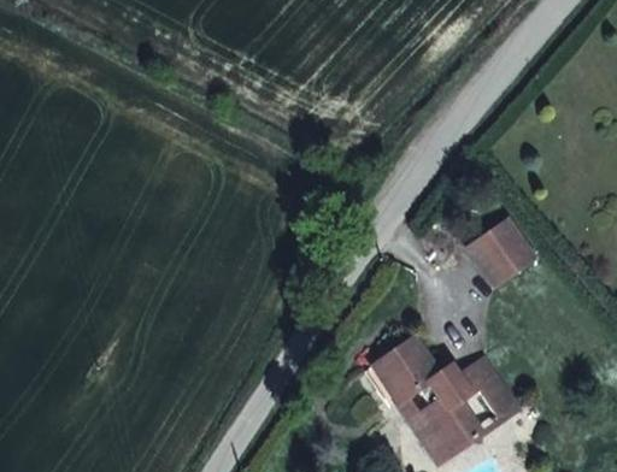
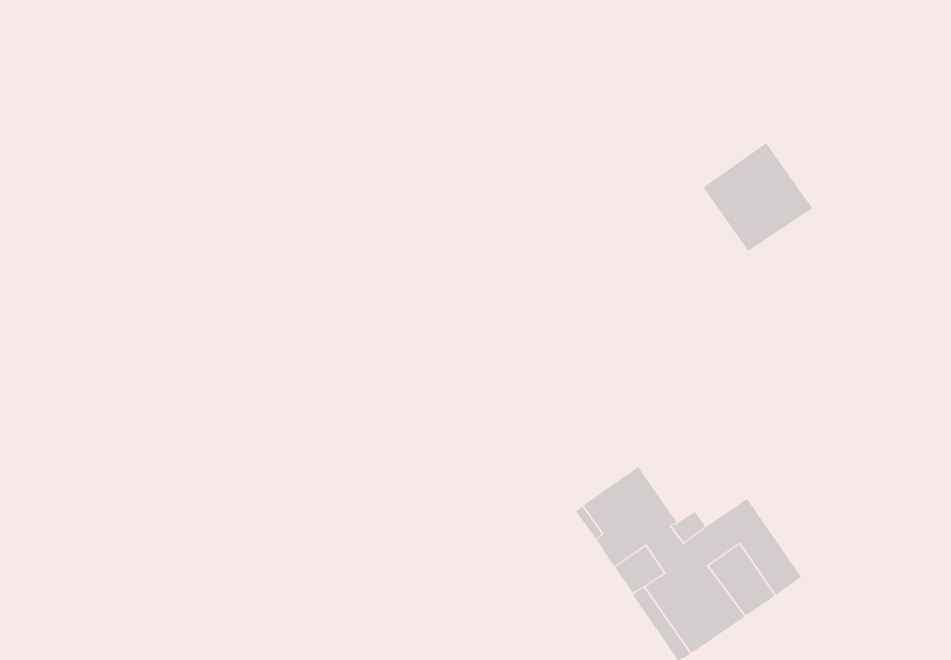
building: [464,218,535,288] -> [703,143,813,251]

